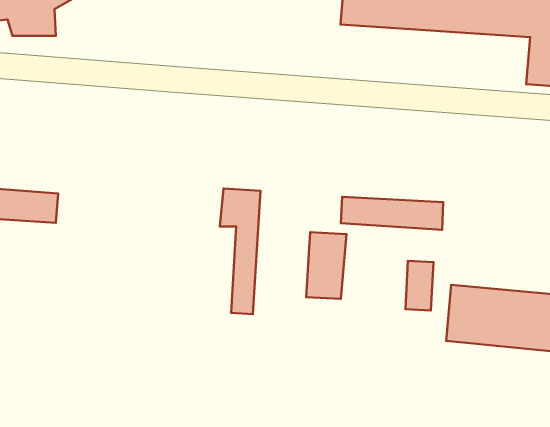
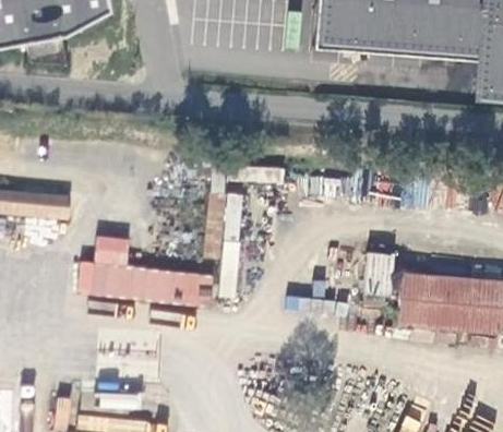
building: [341,197,443,230] -> none
building: [306,232,346,299] -> none
building: none -> [76,233,215,304]

